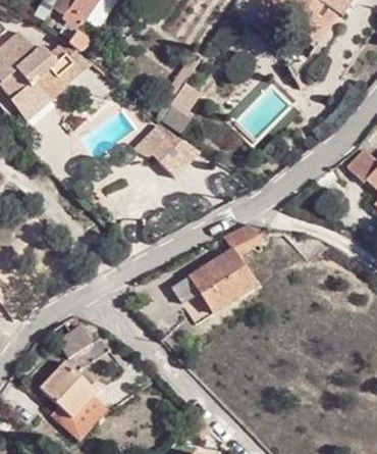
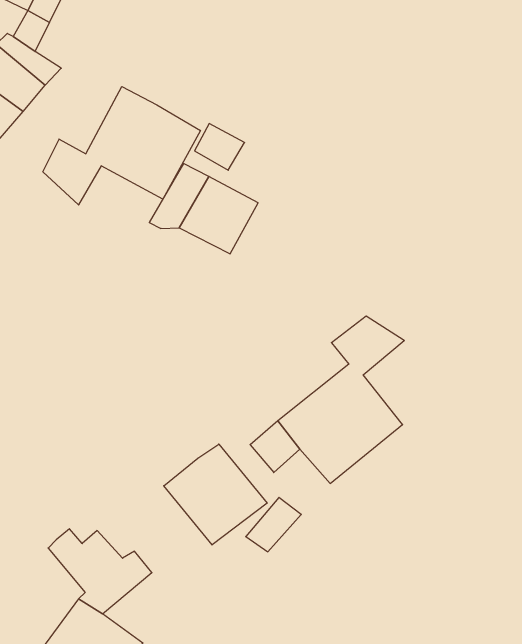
building: none -> [43,87,200,205]
building: none -> [164,444,267,545]

